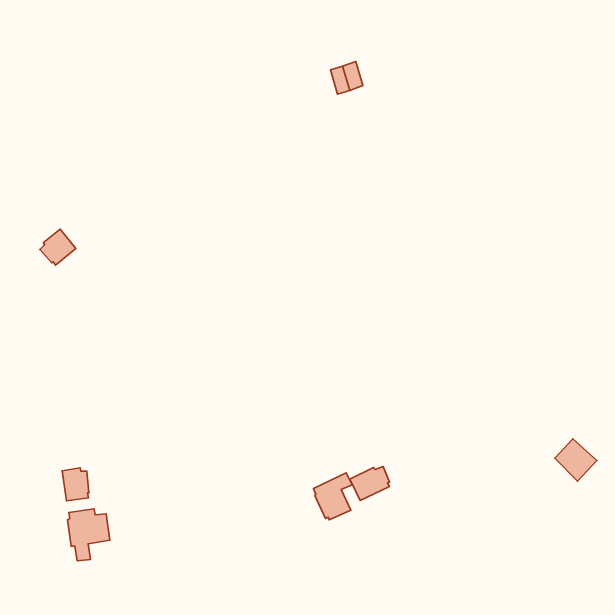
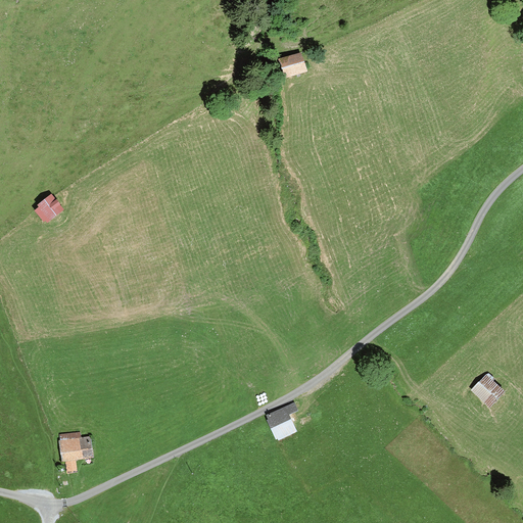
building: [350,466,390,500] -> none
building: [62,468,89,501] -> none

